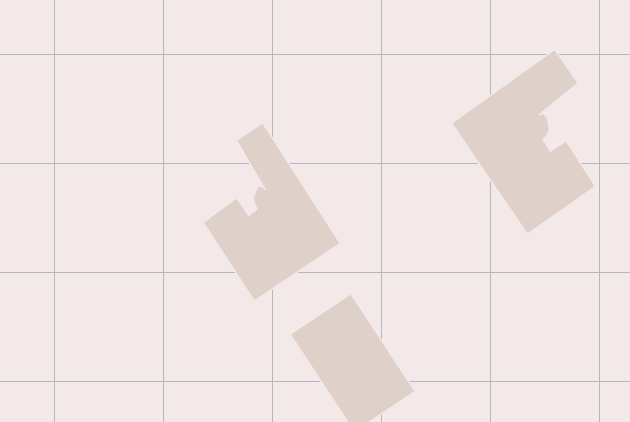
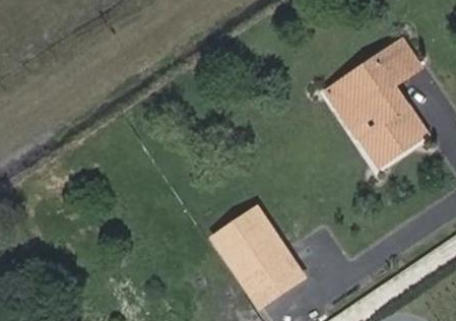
building: [203,123,340,301] -> none

